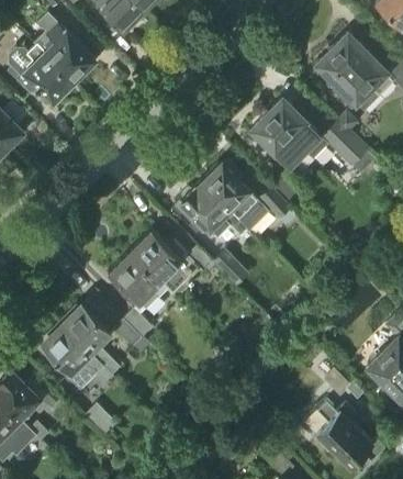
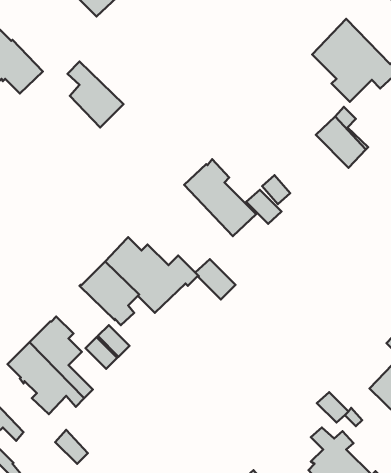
building: [44,21,94,80] -> [67,62,123,127]
building: [250,99,317,168] -> none
building: [175,182,245,236] -> none

